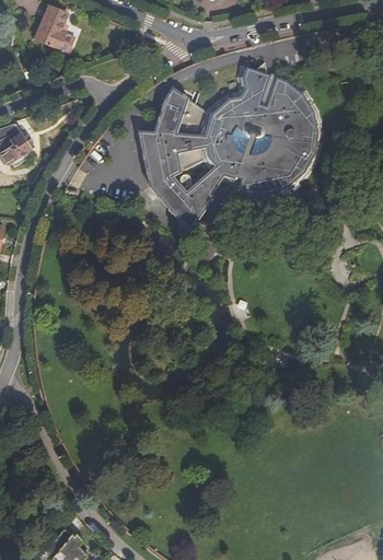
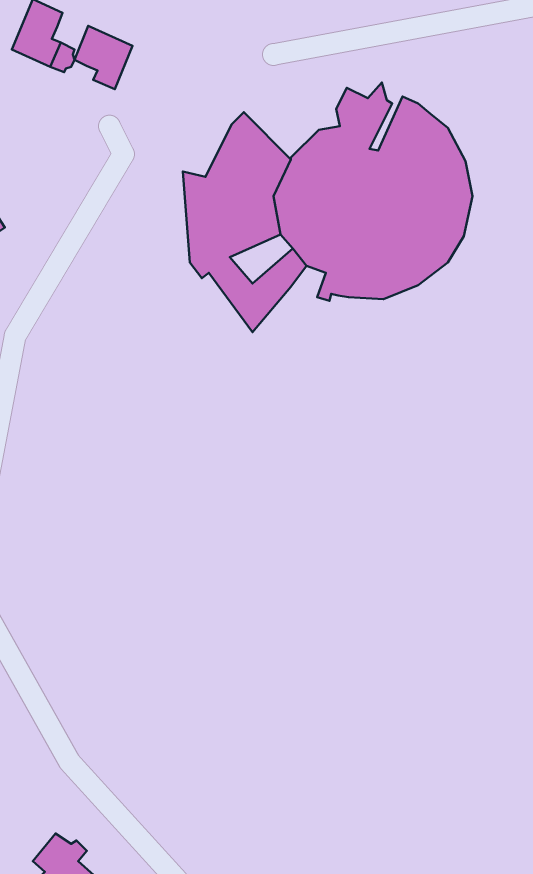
building: none -> [75,26,133,89]
building: [155,179,213,224] -> none

